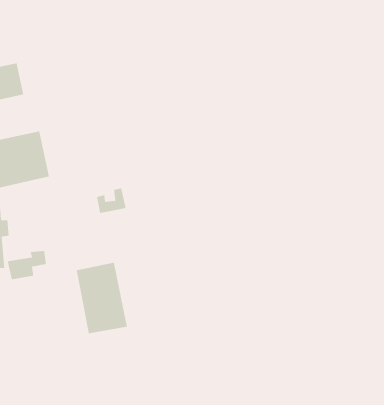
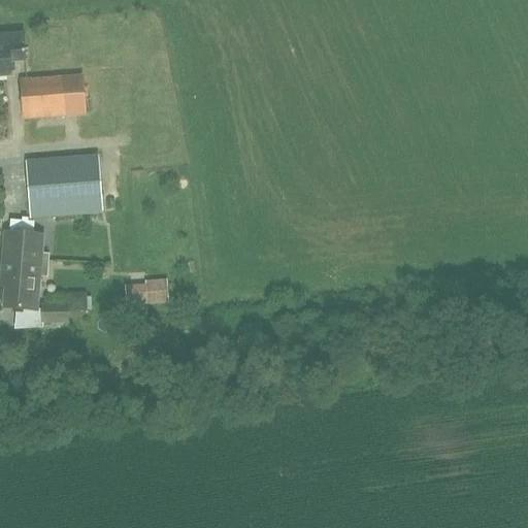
building: [96,187,127,214] -> [135,278,168,305]
building: [76,262,128,334] -> none

